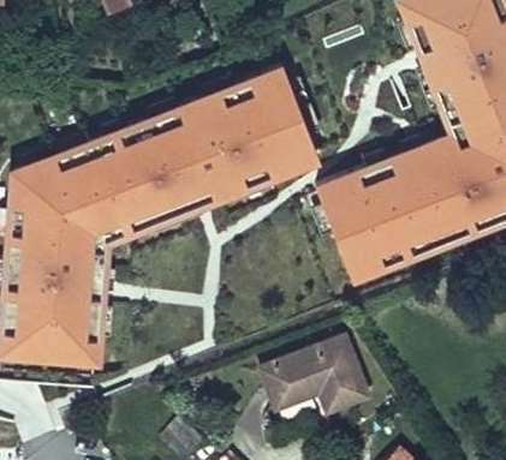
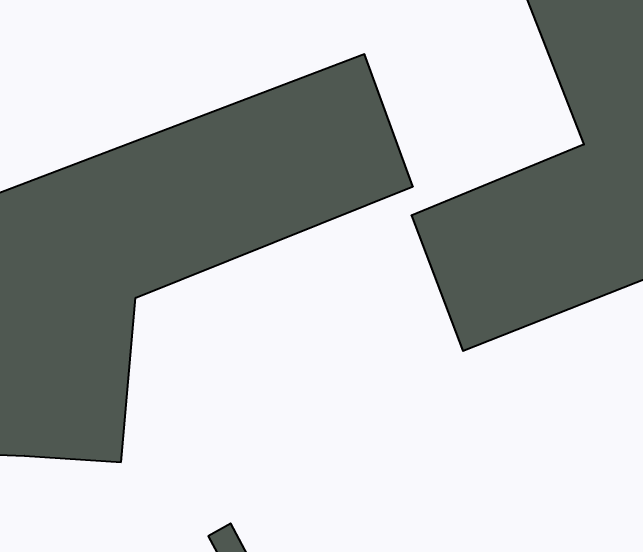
building: [260,334,367,410] -> none

